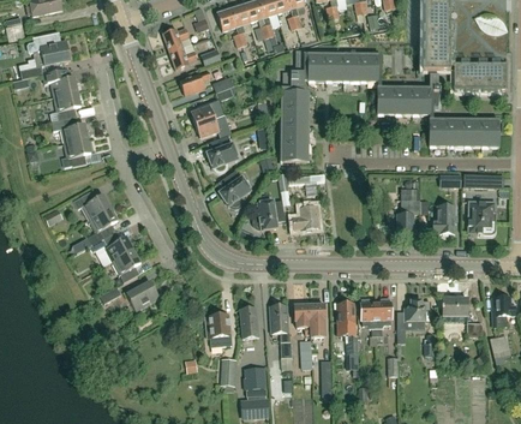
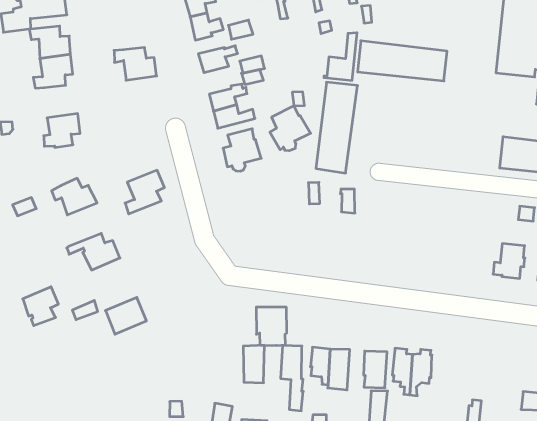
building: [377,73,439,113] -> none
building: [53,115,89,143] -> [114,48,157,80]
building: [220,169,252,205] -> [270,106,311,151]
building: [397,187,419,232] -> none
building: [256,199,286,229] -> none
building: [293,199,319,228] -> none
building: [89,207,119,244] -> [125,170,164,214]
building: [113,249,142,281] -> [23,287,58,326]
building: [443,297,468,321] -> none
building: [397,299,431,341] -> none
building: [205,313,232,346] -> [256,307,287,345]

